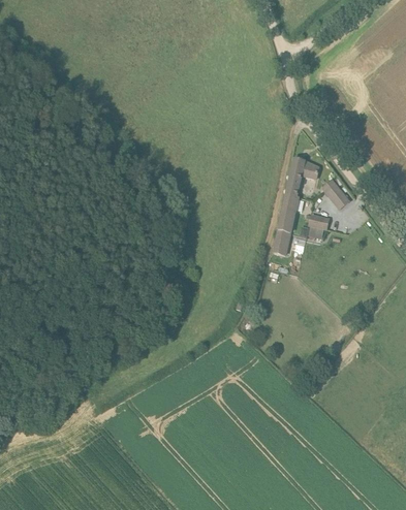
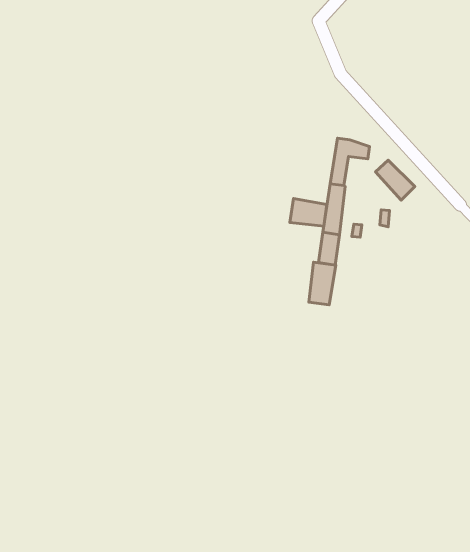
building: none -> [290,199,327,226]
building: none -> [309,262,336,305]

